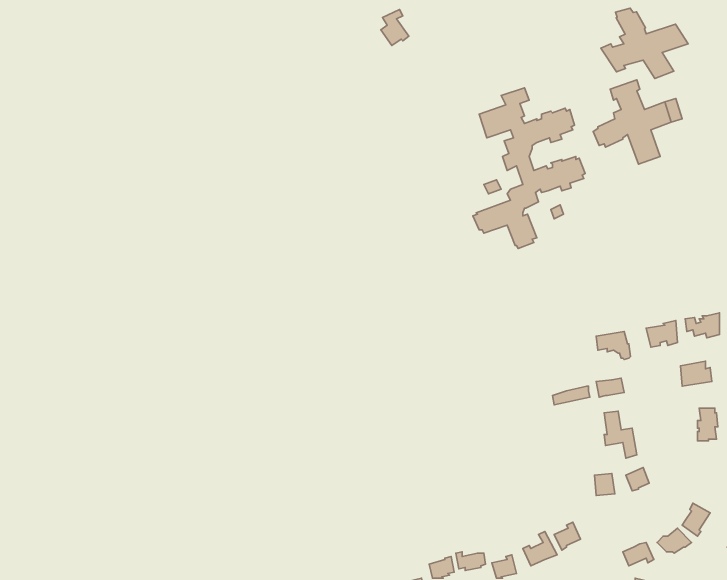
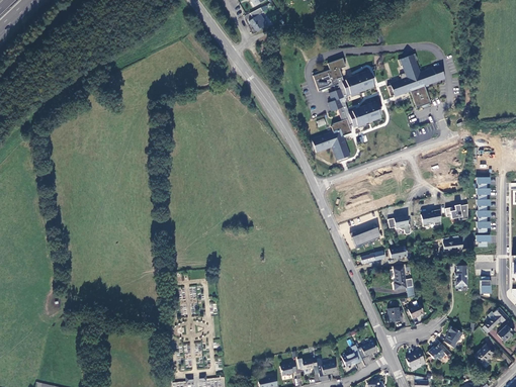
building: [601,8,688,78] -> none
building: none -> [349,224,379,249]

